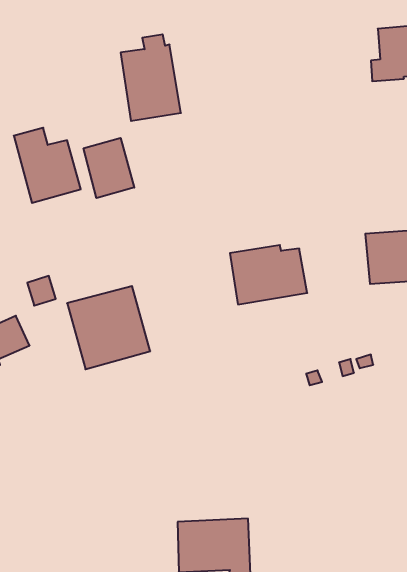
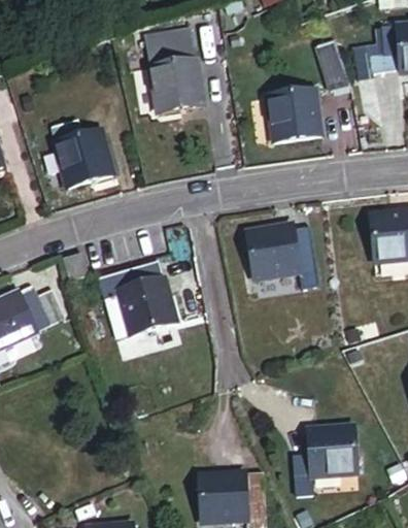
building: none -> [315,41,349,92]
building: none -> [266,84,320,141]
building: [84,138,134,198] -> none
building: none -> [293,427,355,495]

